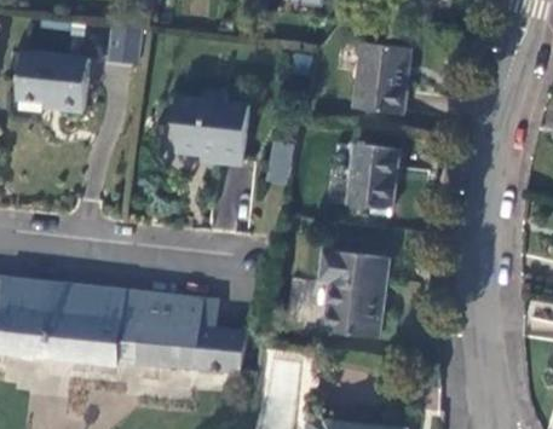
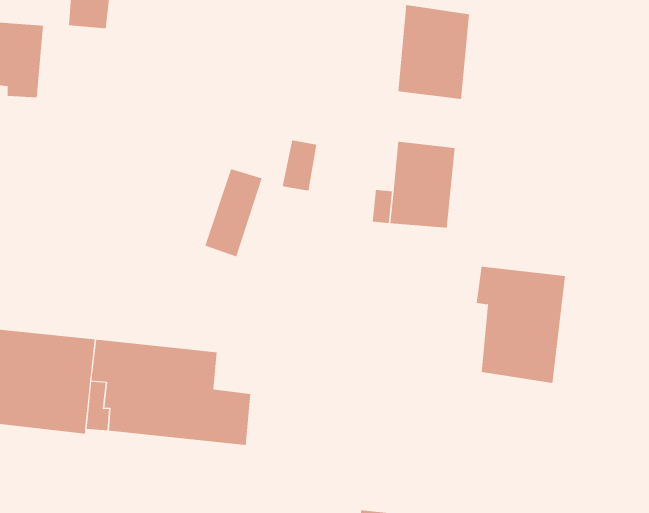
building: [173,89,248,161] -> none
building: [319,249,387,337] -> [476,266,566,384]

